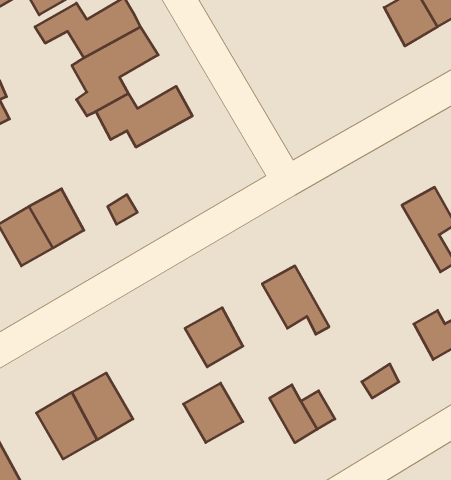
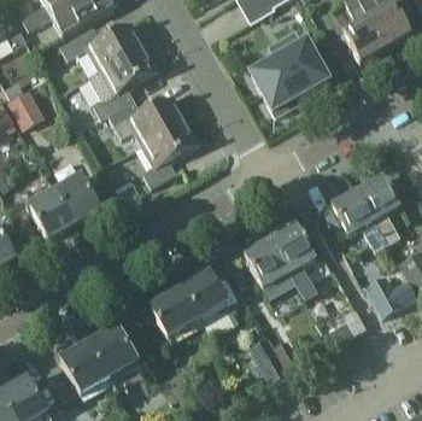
building: none -> [252,39,328,112]
building: none -> [141,116,200,185]
building: none -> [332,188,388,250]
building: none -> [270,222,317,287]
building: [183,383,243,443] -> [151,288,199,337]

